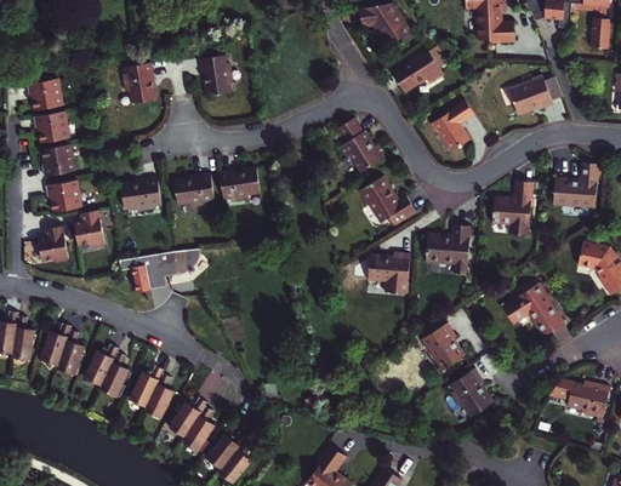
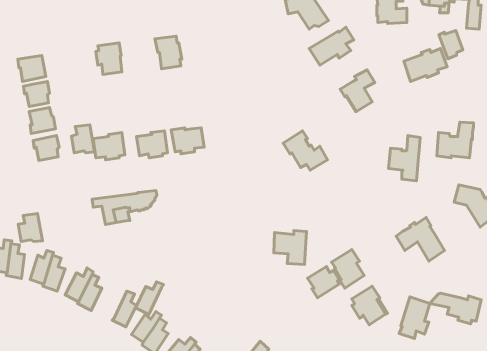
building: none -> [439,31,463,59]
building: [336,116,384,172] -> none
building: [73,210,102,245] -> [71,125,95,153]
building: [425,224,471,274] -> none
building: [36,225,67,261] -> [18,214,42,242]
building: [368,248,409,291] -> [274,231,307,264]
building: none -> [308,266,339,298]
building: [130,367,165,408] -> [135,282,163,315]
building: none -> [399,297,430,338]

